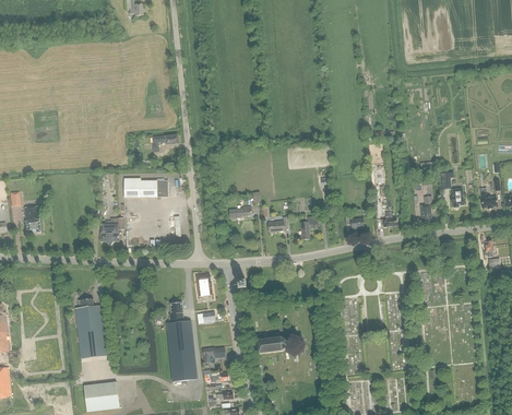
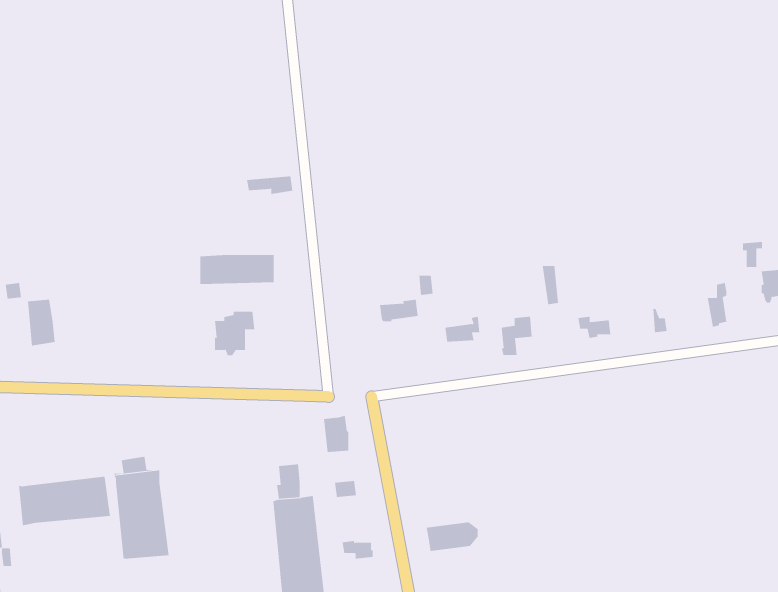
building: [100,217,124,244] -> [214,311,255,356]
building: none -> [19,476,111,526]

